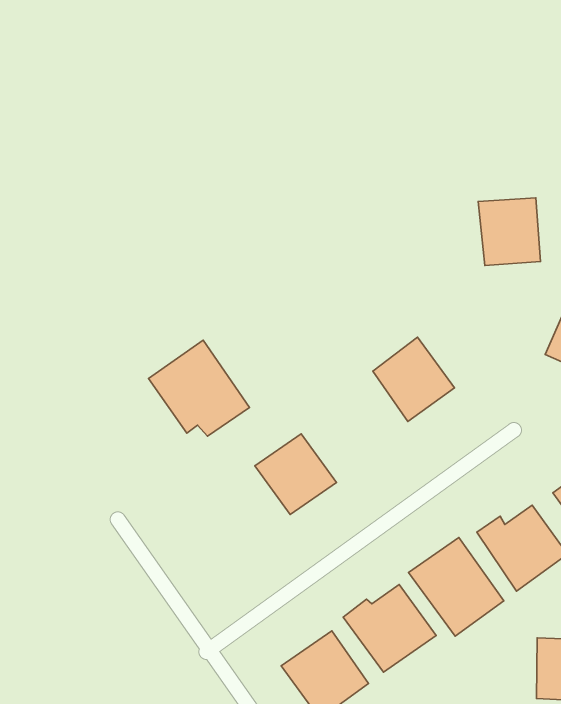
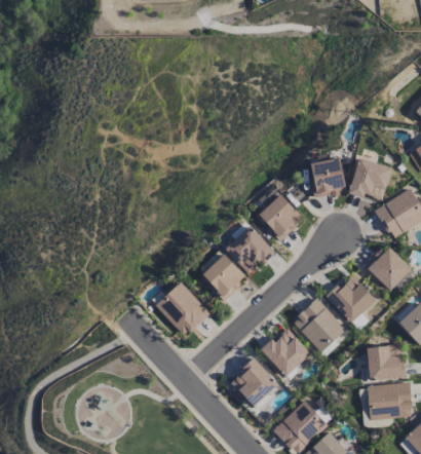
building: [478,198,541,265] -> [308,157,346,197]
building: [148,340,249,436] -> [154,280,210,332]
building: none -> [223,223,275,273]

